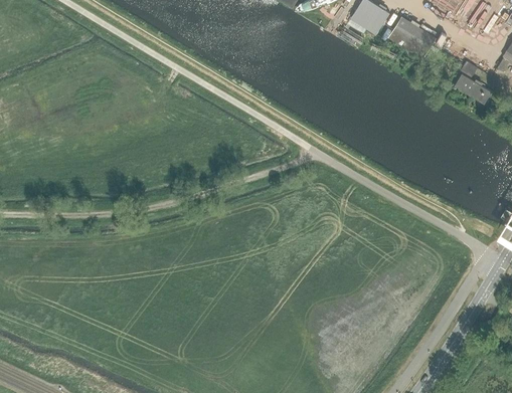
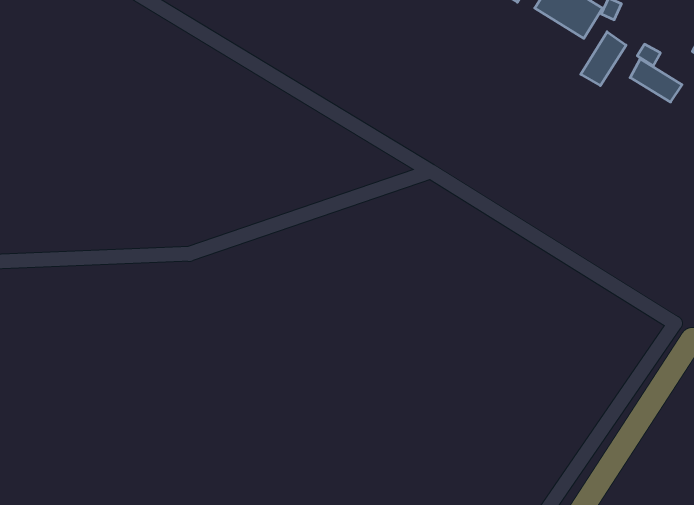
building: none -> [581,32,626,86]

